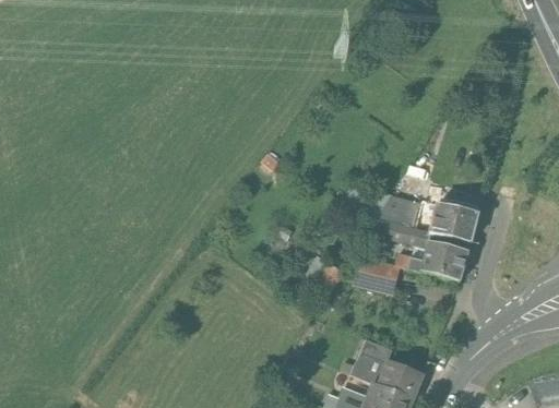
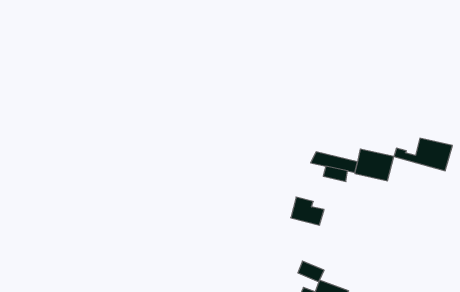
building: [396,240,467,279] -> [394,138,452,171]

